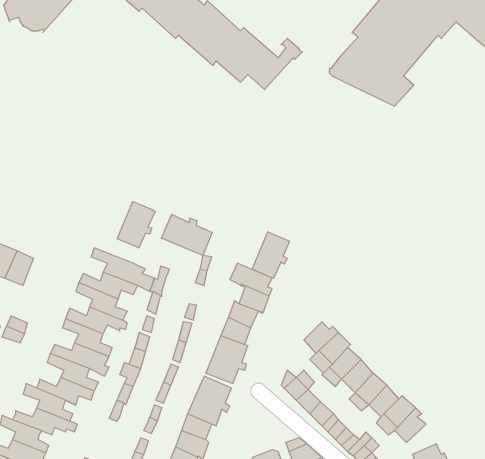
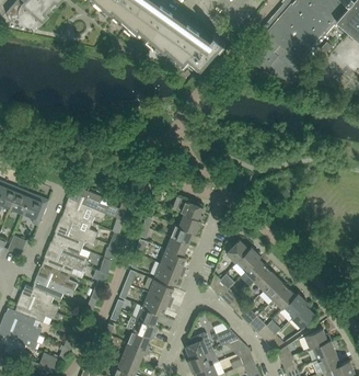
building: [117,202,155,248] -> none
building: [161,214,212,255] -> none
building: [252,232,289,278] -> none
building: none -> [22,193,48,226]

